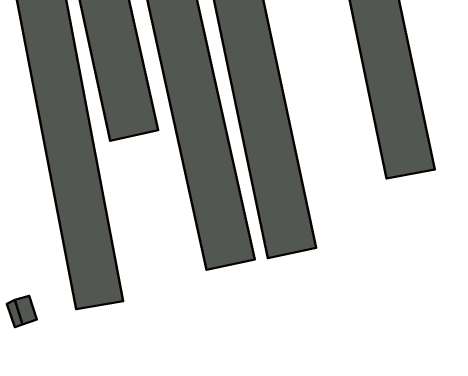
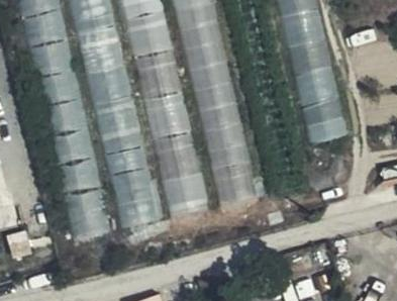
building: none -> [99,121,163,223]

